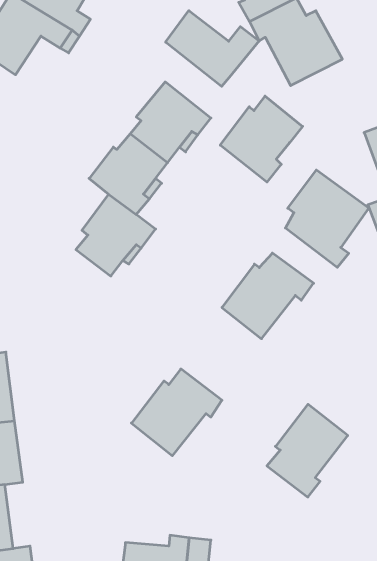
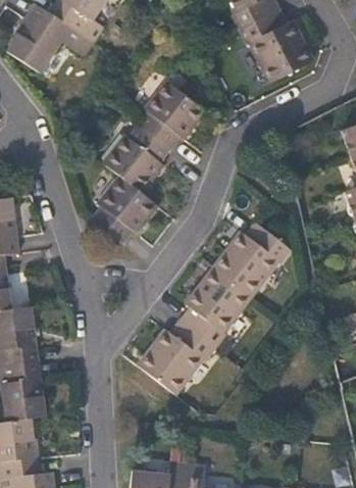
building: [166,11,259,86] -> none
building: [220,96,303,182] -> none
building: [285,170,369,267] -> none
building: [267,404,348,497] -> [182,270,250,348]

